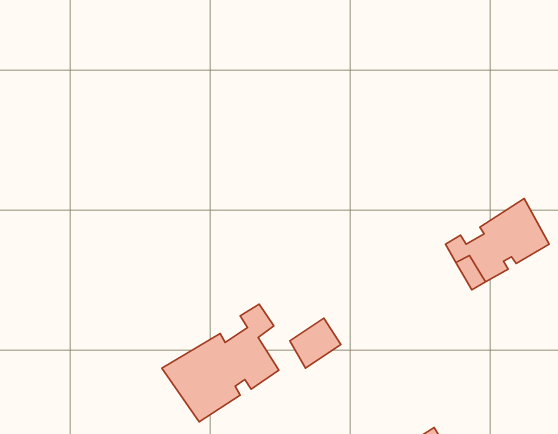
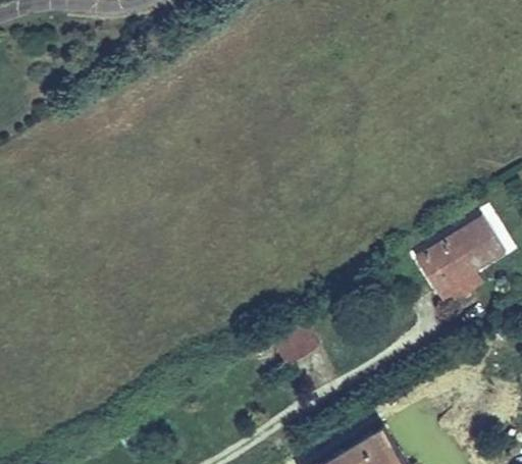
building: [162,304,279,422] -> none

